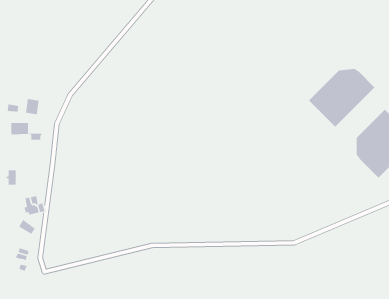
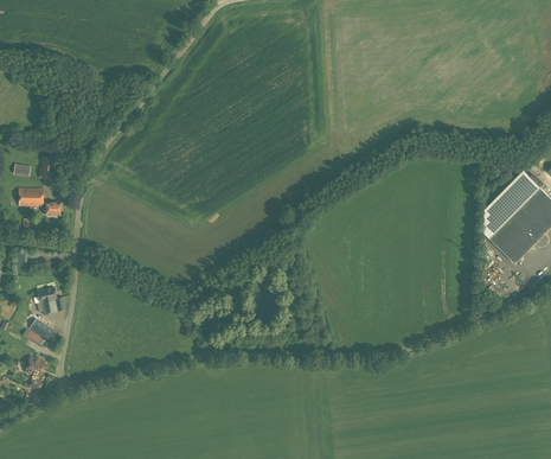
building: [308,68,375,128] -> none

